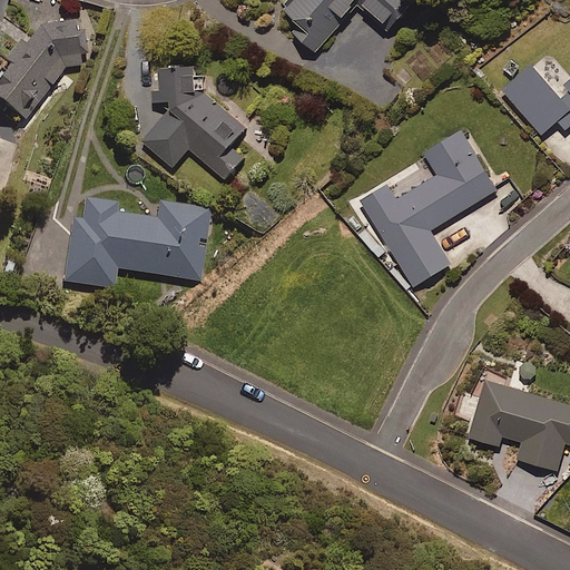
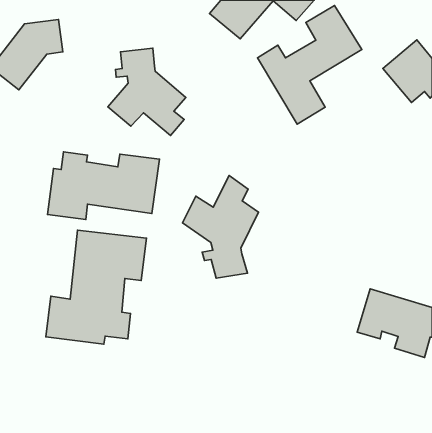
building: [360,130,497,286] -> [257,5,362,124]
building: none -> [182,176,259,278]
building: none -> [46,230,146,344]

